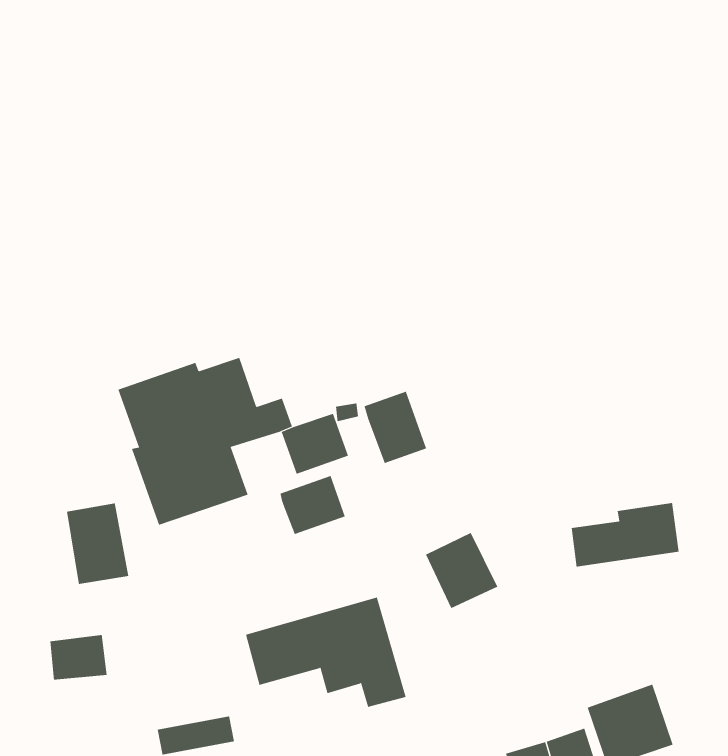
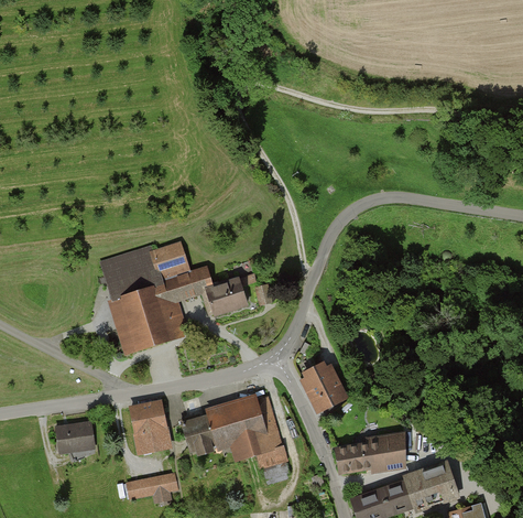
building: [364,391,427,464] -> none
building: [280,475,346,535] -> none
building: [571,502,680,567] -> [337,430,407,472]
building: [66,503,129,585] -> [129,401,170,454]

